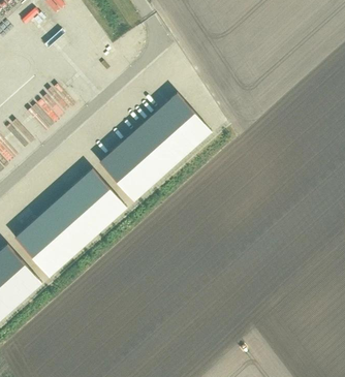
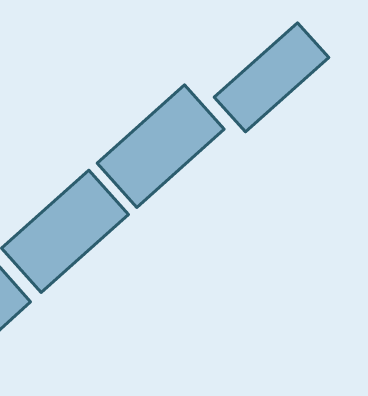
building: none -> [214,23,329,132]

